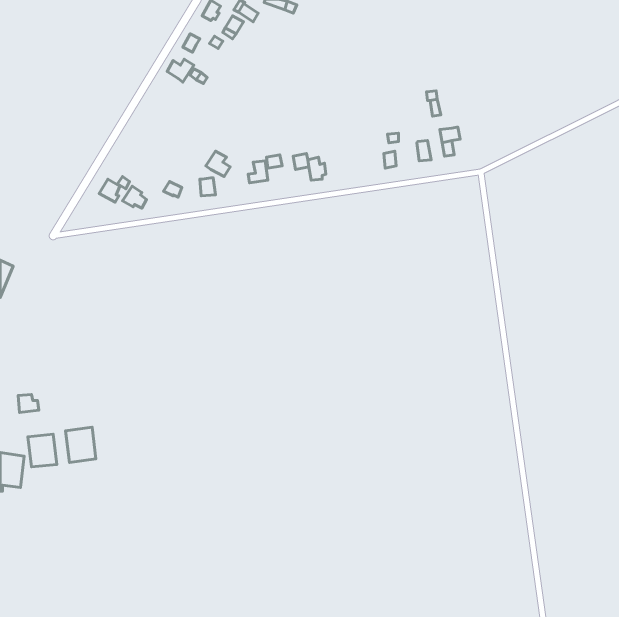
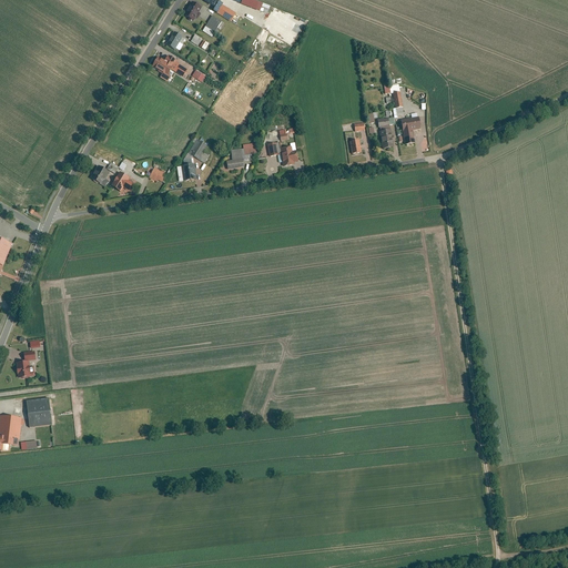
building: [66,427,96,463] -> none

